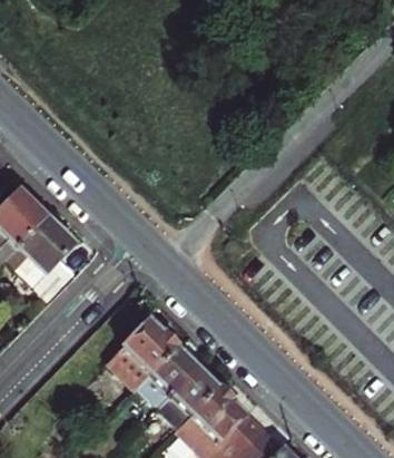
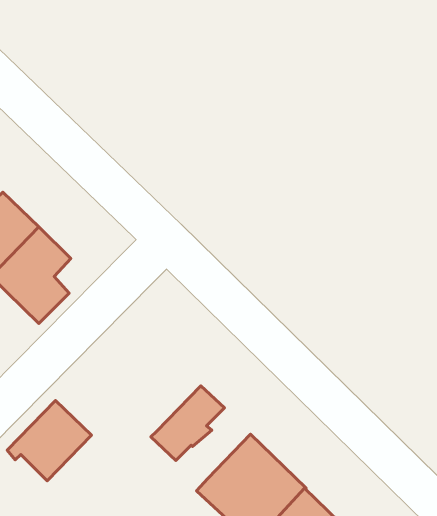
building: [111,319,179,383] -> [7,400,91,481]
building: [159,364,219,421] -> none

